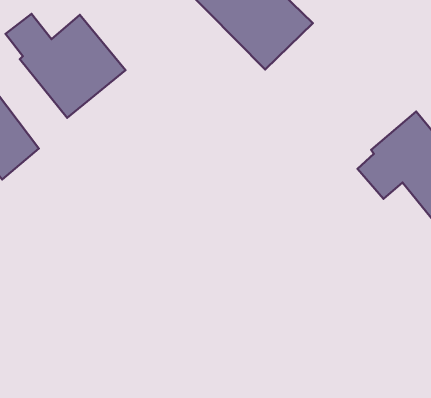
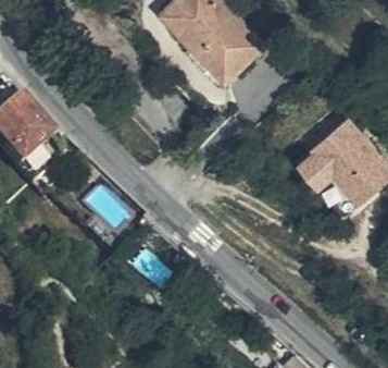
building: [6,14,126,118] -> none

